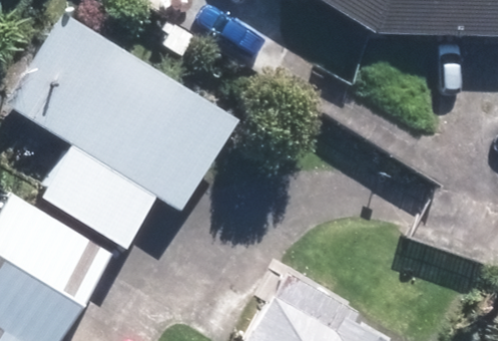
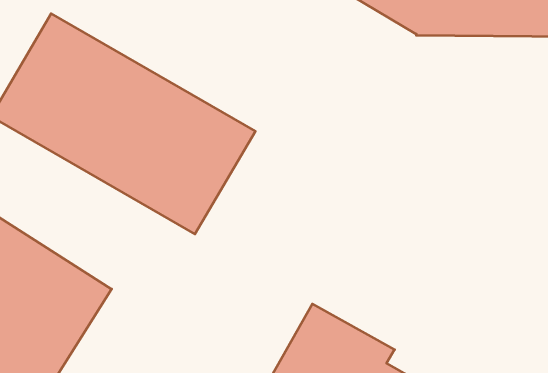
building: [41,147,157,250] -> none

